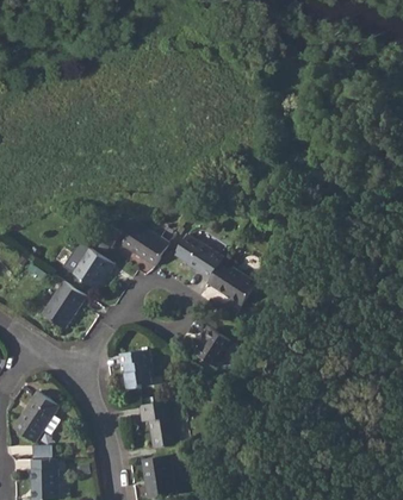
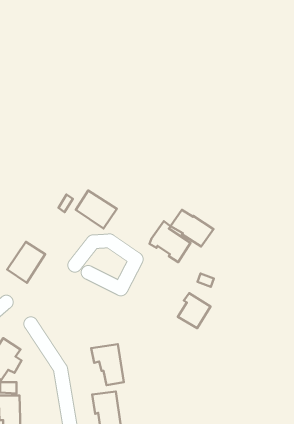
building: [174,236,224,279] -> [171,210,214,247]
building: [74,250,114,288] -> none
building: [193,327,231,368] -> [178,293,210,328]
building: [119,350,151,390] -> none

